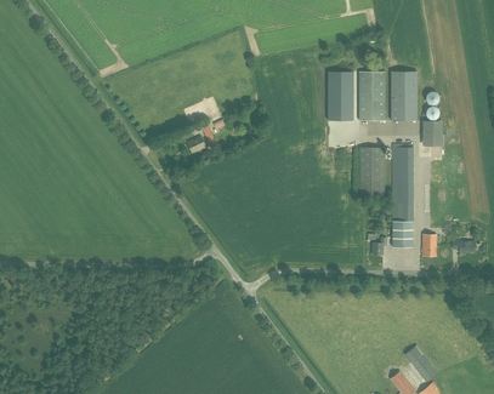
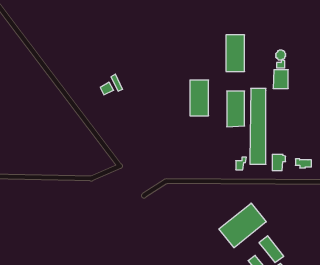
building: [327,72,352,120] -> [190,80,209,116]
building: [390,72,415,120] -> none
building: none -> [219,203,266,248]

